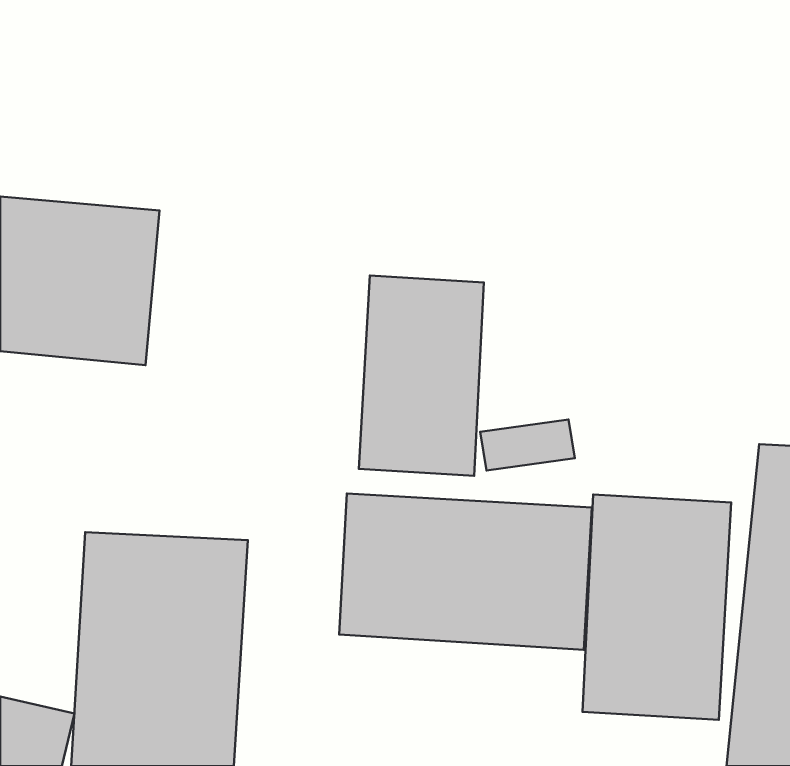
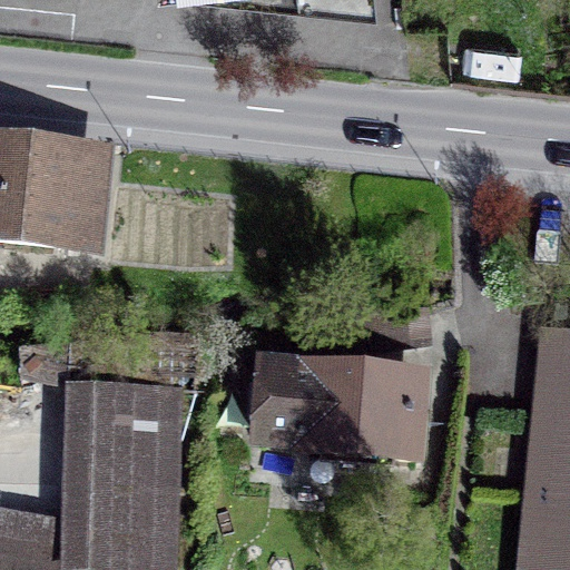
building: [359,276,484,476] -> none
building: [582,494,731,720] -> none

